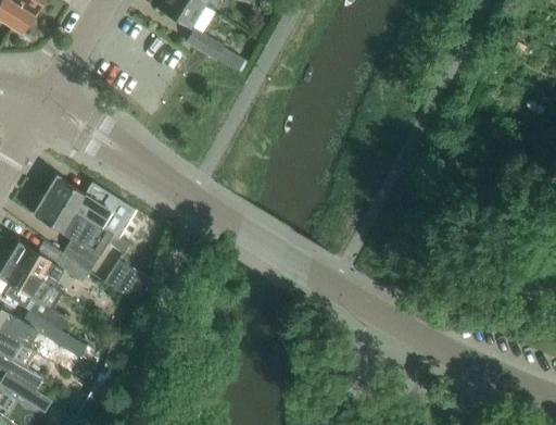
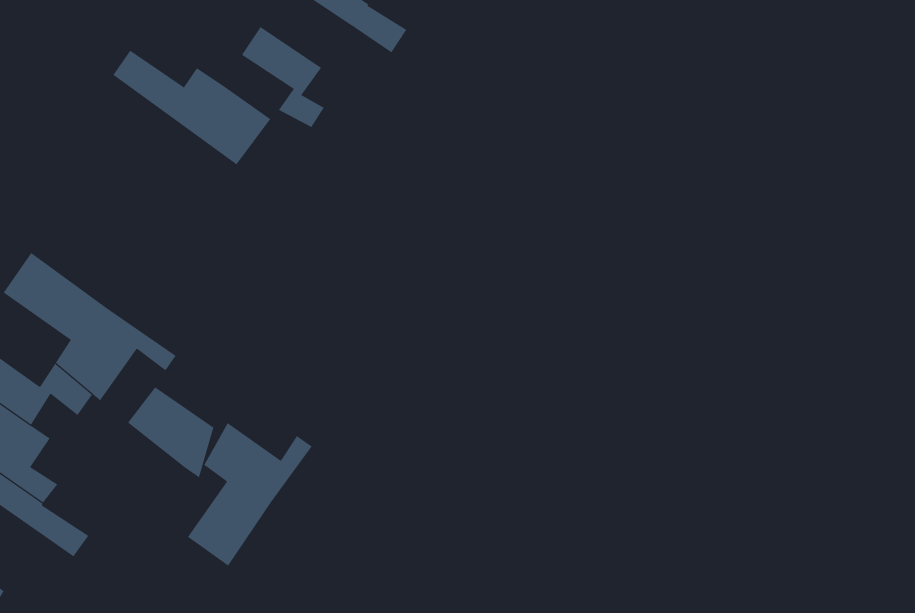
building: none -> [241,26,325,128]
building: [47,177,135,237] -> [113,50,271,165]
building: none -> [187,422,313,566]

